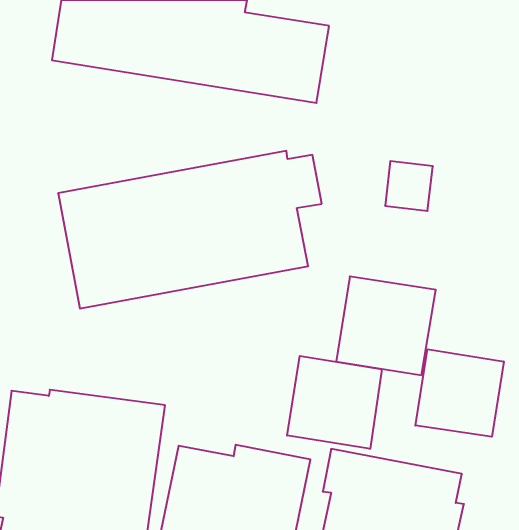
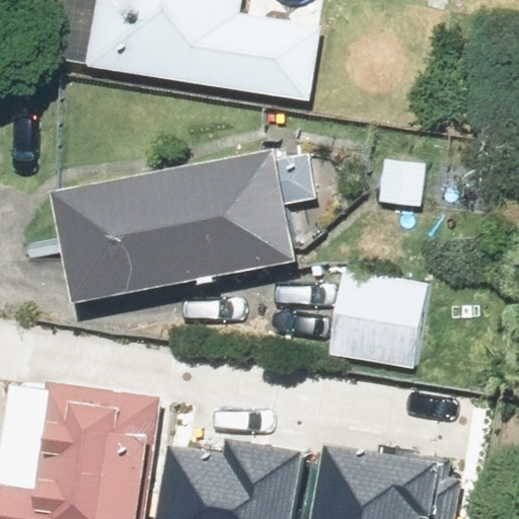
building: [415,349,504,437] -> none
building: [287,356,382,449] -> none

